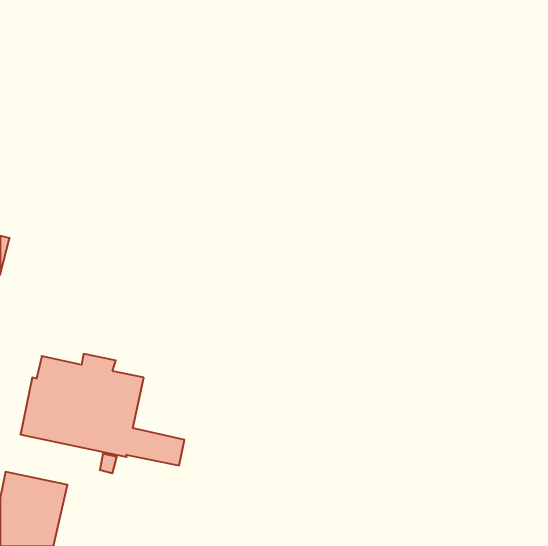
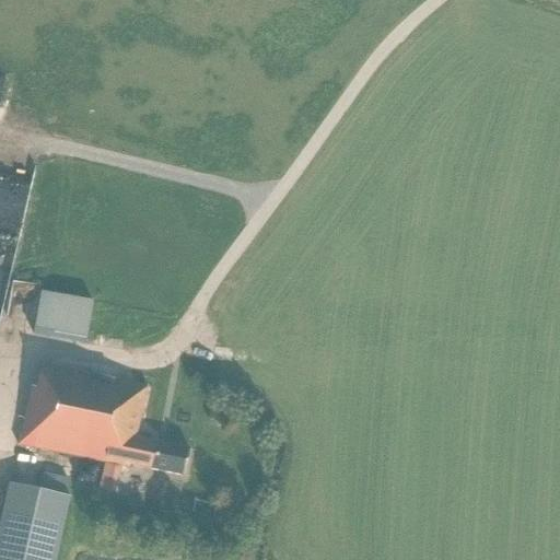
building: none -> [32,290,93,343]

